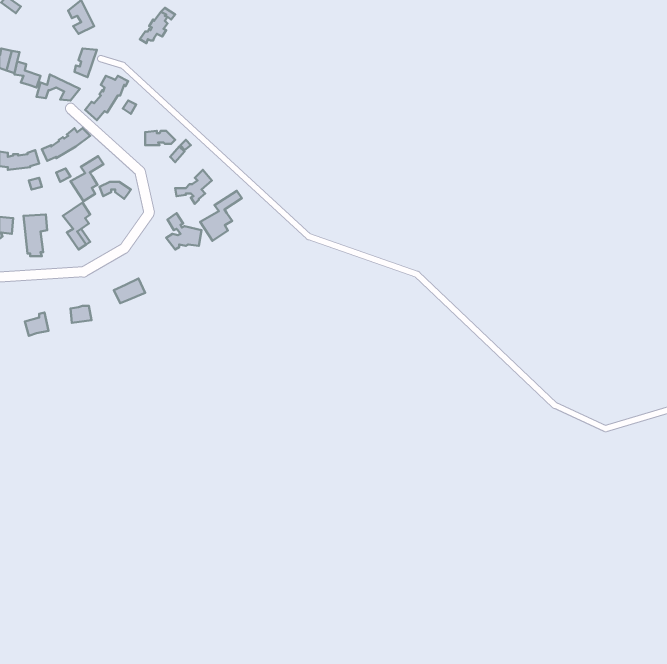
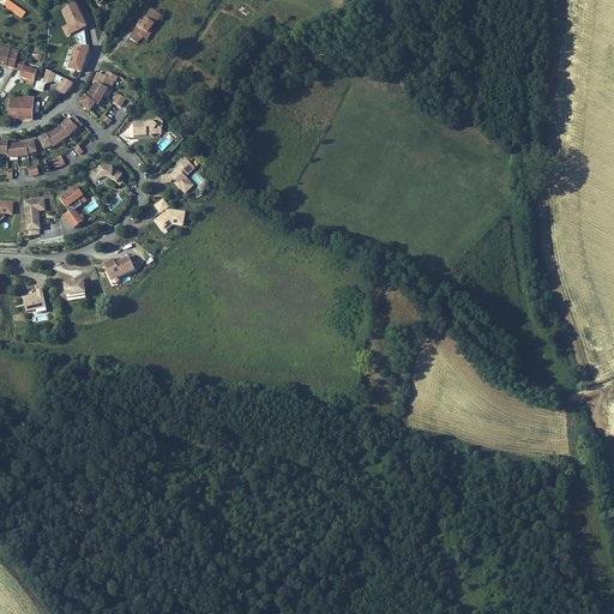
building: none -> [6,95,34,118]
building: [70,156,103,201] -> none
building: [200,191,242,241] -> none

